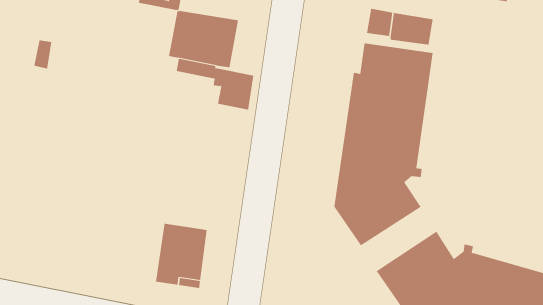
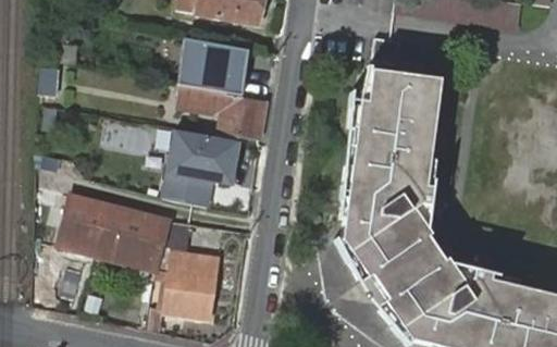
building: none -> [159,126,242,207]
building: none -> [58,193,168,268]
building: none -> [371,236,447,300]

